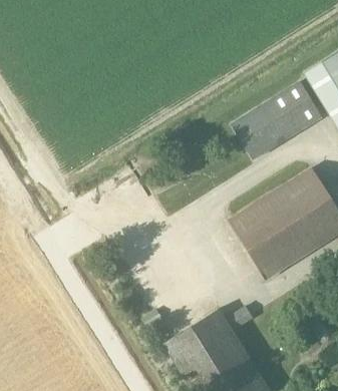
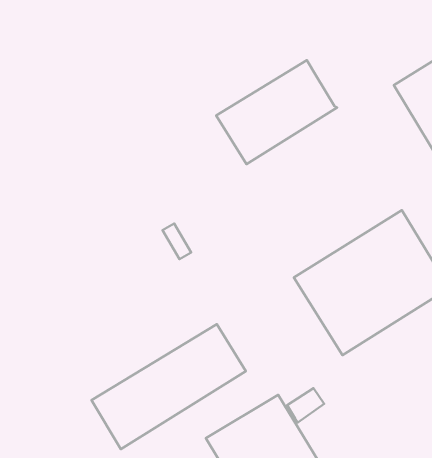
building: [231,79,323,158] -> [216,60,337,164]
building: none -> [91,324,246,449]

